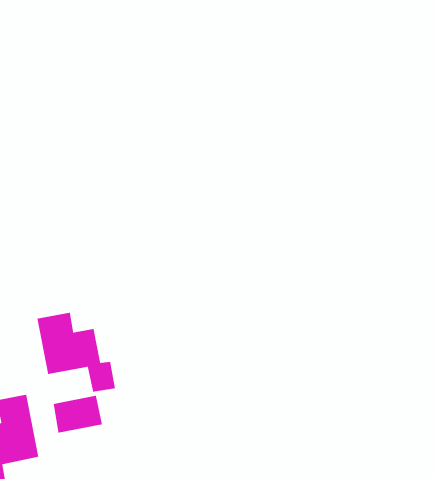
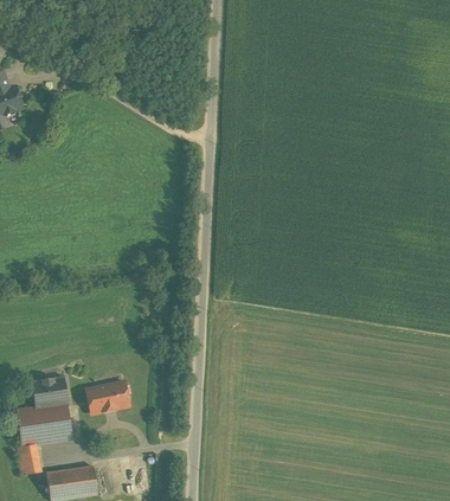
building: [37,312,116,393] -> none

